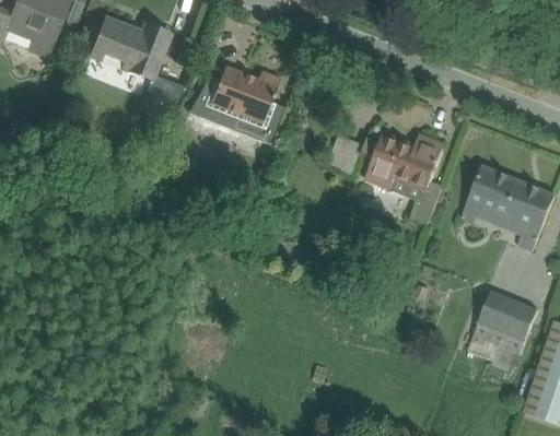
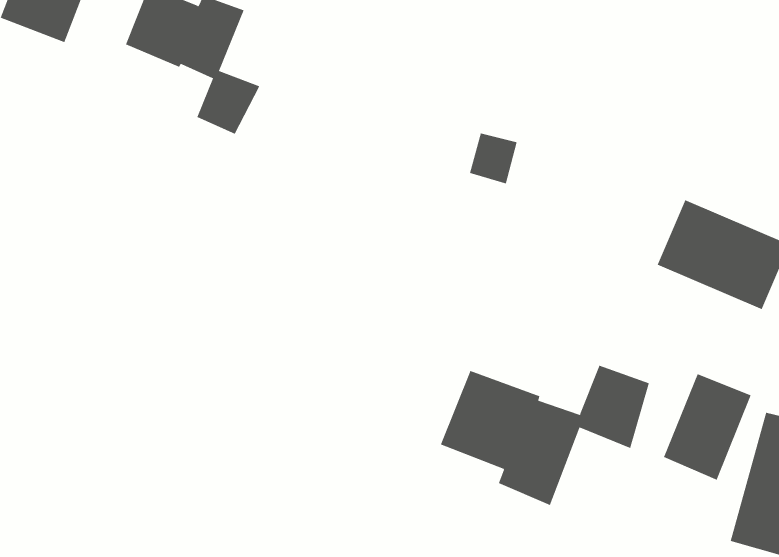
building: [189,67,285,146] -> none
building: [365,130,442,203] -> none
building: none -> [440,365,650,506]

